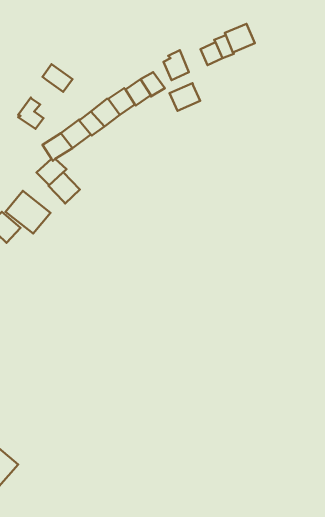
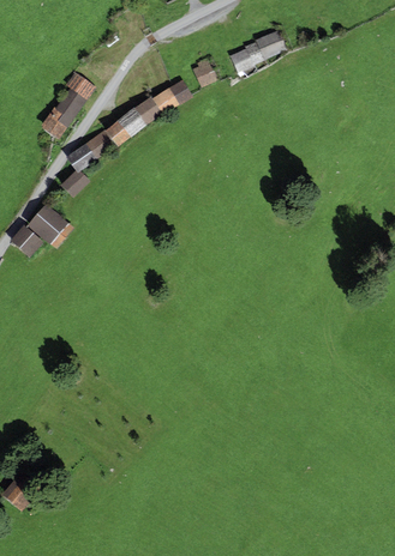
building: none -> [55,87,88,127]
building: [170,83,200,111] -> none
building: [49,172,80,203] -> none

